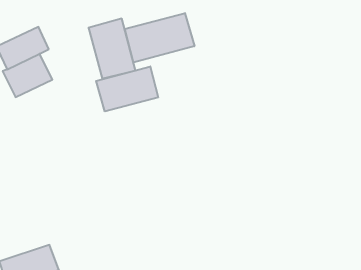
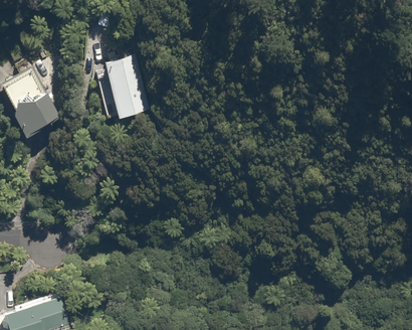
building: [125,13,194,63] -> none
building: [96,66,158,111] -> none

